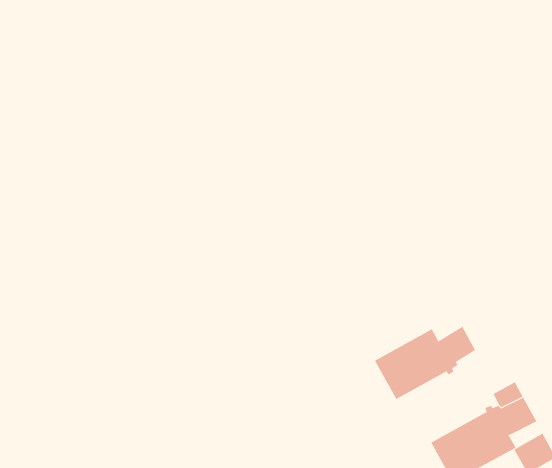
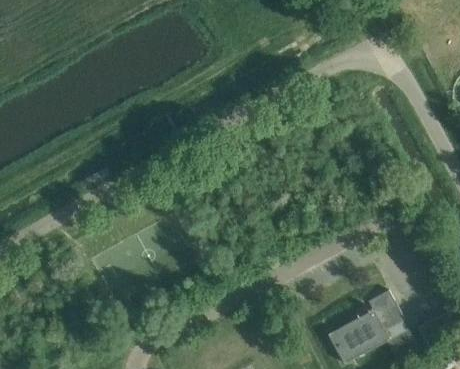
building: [374,326,476,400] -> none

